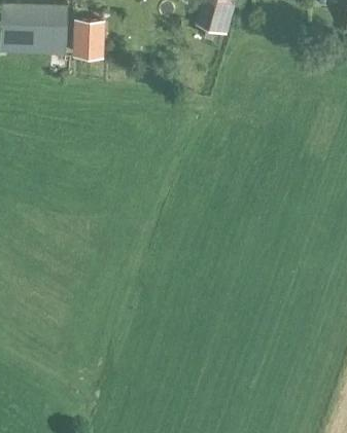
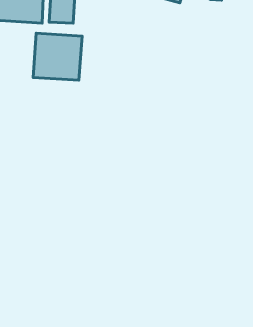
building: none -> [33,33,82,80]

